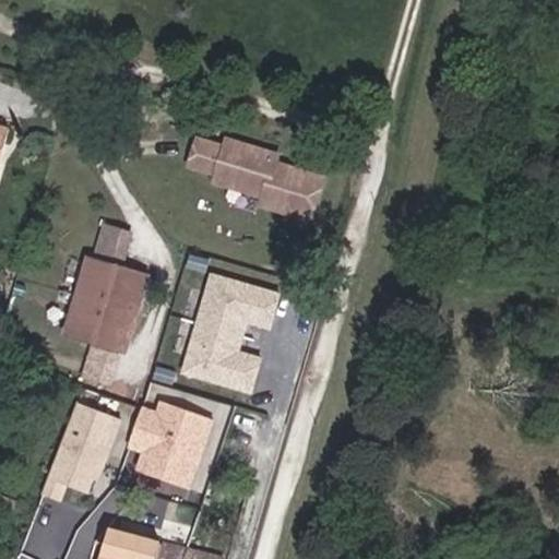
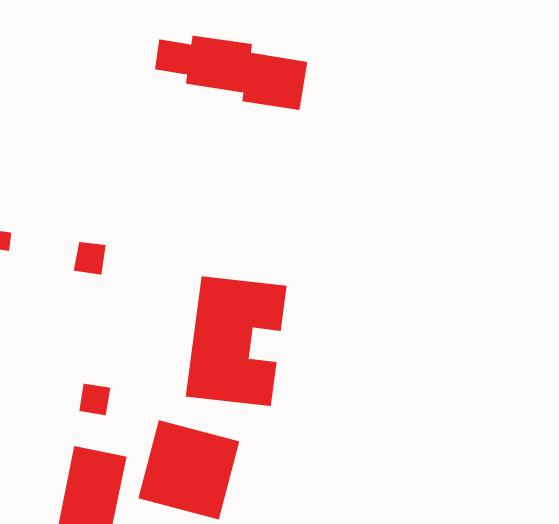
building: [187,138,322,218] -> [154,35,308,110]
building: [64,258,146,349] -> none

